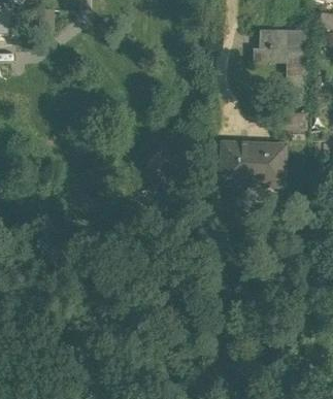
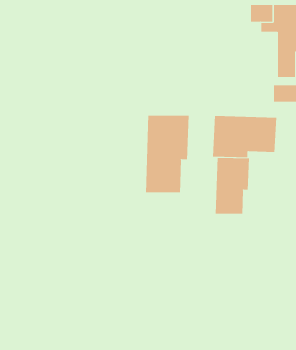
building: none -> [145,115,189,193]
building: none -> [215,157,249,214]

